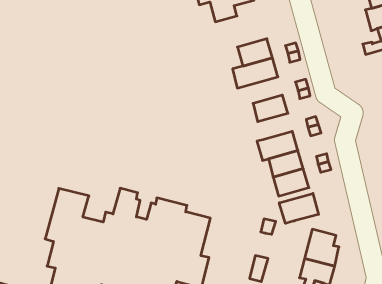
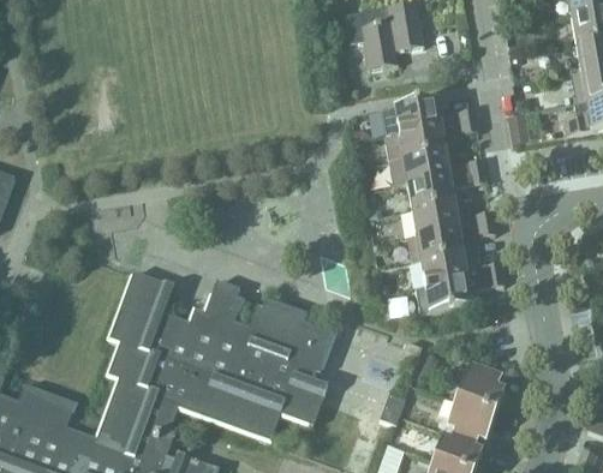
building: none -> [388,150,448,185]
building: none -> [411,200,456,233]
building: [279,193,319,223] -> none

